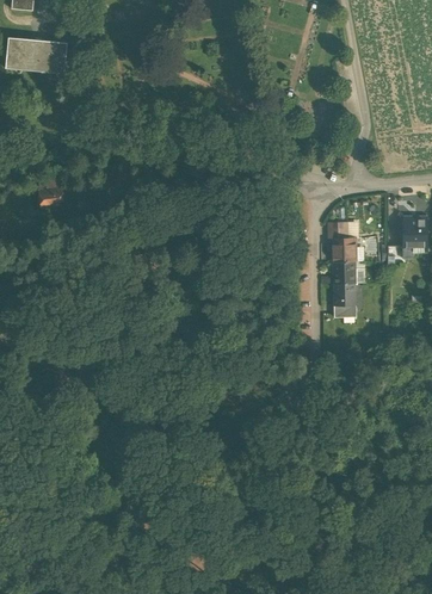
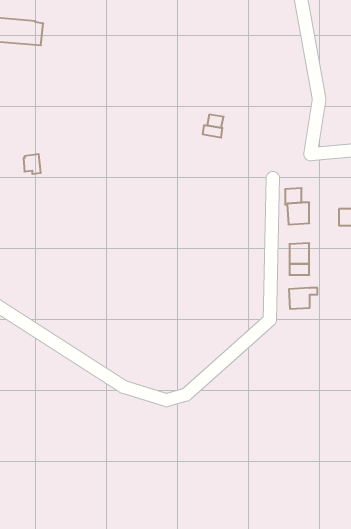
building: [333,261,364,284] -> [289,288,317,309]

